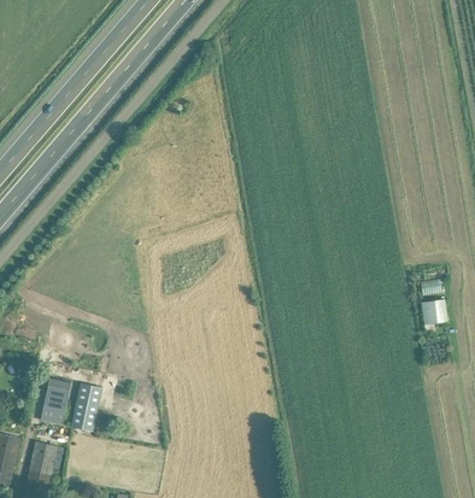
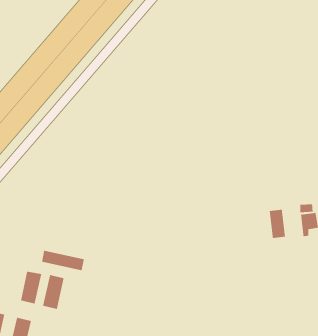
building: none -> [269,209,286,239]
building: none -> [41,250,85,271]

